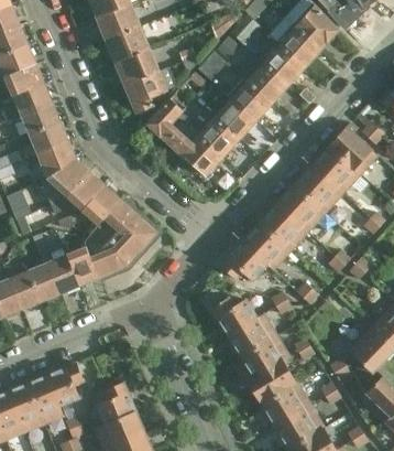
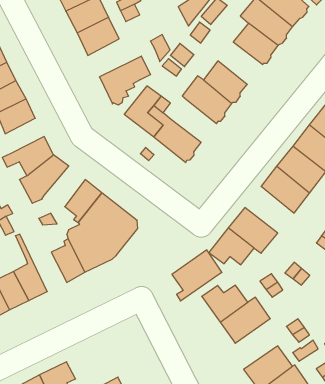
building: [116,49,157,85] -> none
building: [237,53,287,103] -> none
building: [194,114,238,157] -> none
building: [29,121,67,154] -> none
building: [51,171,105,215] -> none
building: [260,204,308,251] -> none
building: [36,233,79,293] -> none
building: [241,335,291,384] -> [172,250,222,301]

